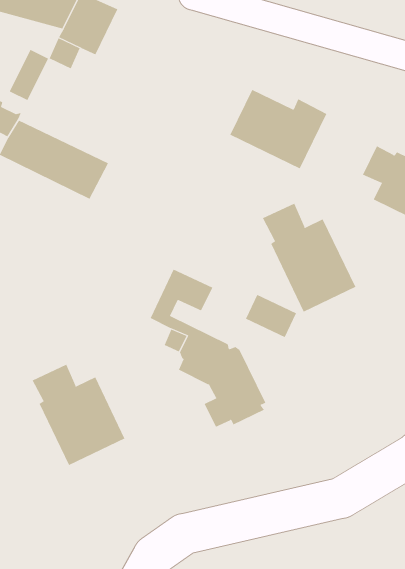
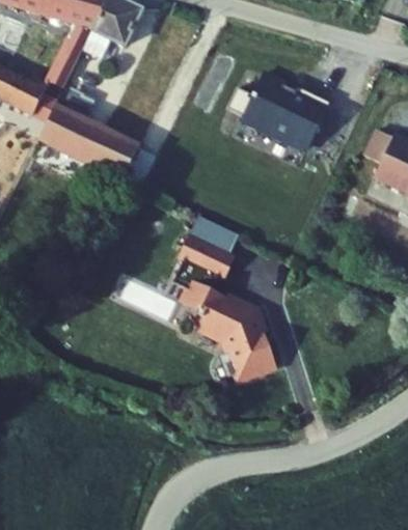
building: [262,203,356,312] -> none
building: [245,294,297,338] -> [193,217,239,255]
building: [32,364,125,466] -> none

